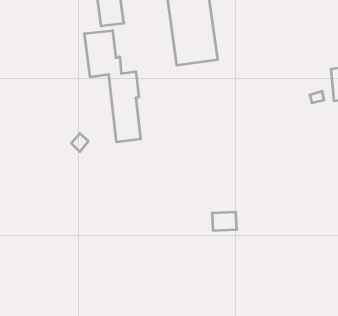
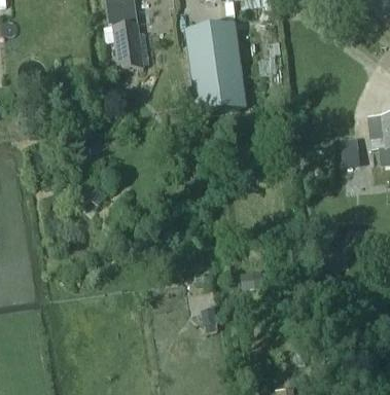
building: [85,30,141,142] -> none

